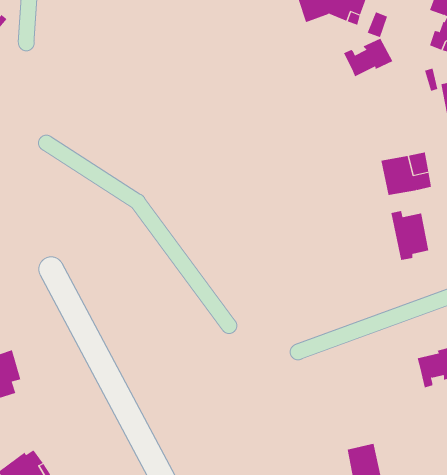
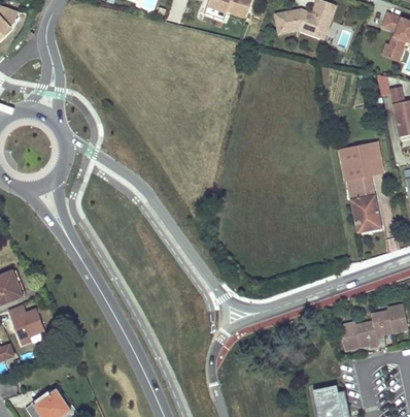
building: [343,38,393,77] -> none
building: none -> [347,175,375,197]
building: none -> [339,321,378,350]

